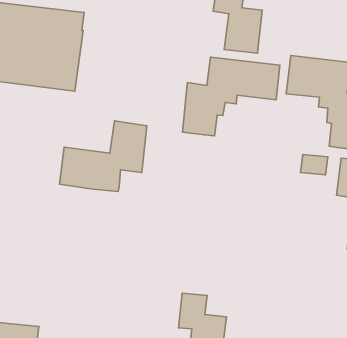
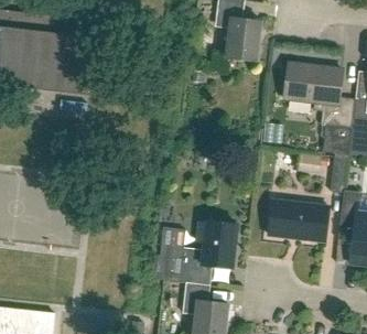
building: [182,57,280,136] -> none
building: [60,121,147,191] -> [156,218,237,283]
building: none -> [269,198,328,240]

